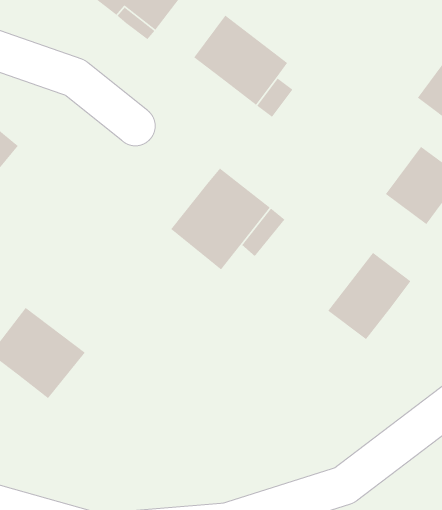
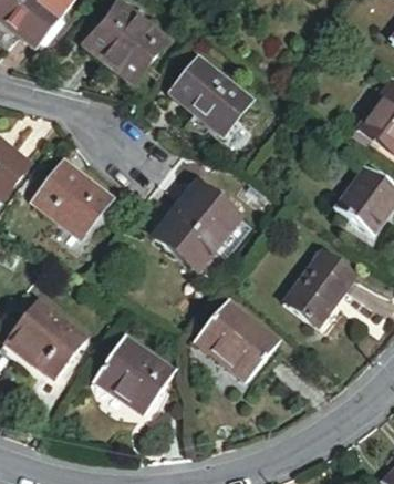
building: none -> [32,166,108,240]
building: none -> [196,301,273,371]
building: none -> [94,337,172,410]

